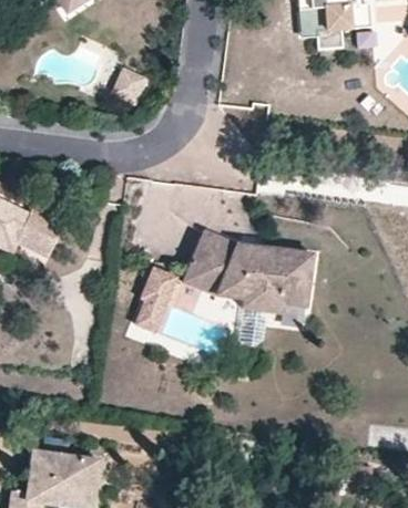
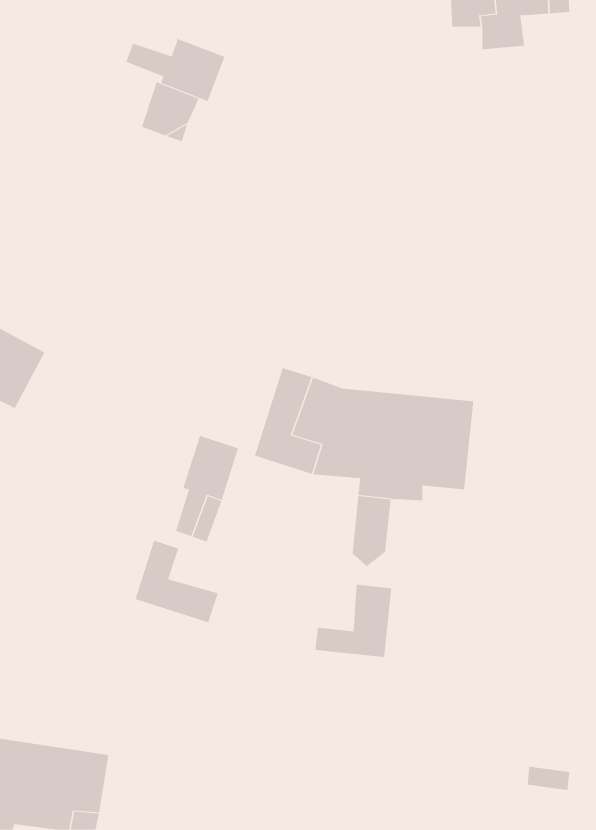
building: none -> [126,38,225,102]
building: none -> [135,540,219,623]
building: none -> [315,584,392,658]

